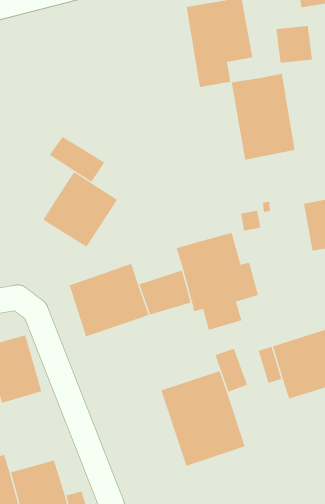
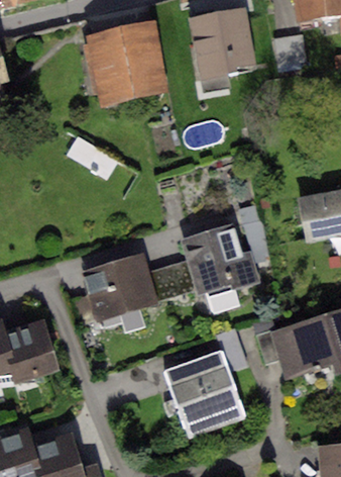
building: none -> [88,22,168,103]
building: [231,73,295,161] -> none
building: [43,171,118,248] -> none

